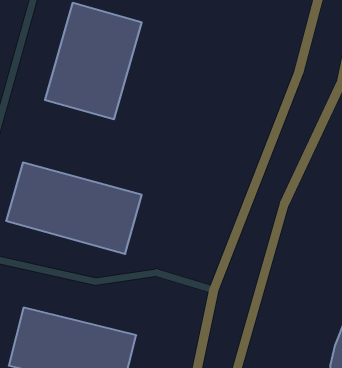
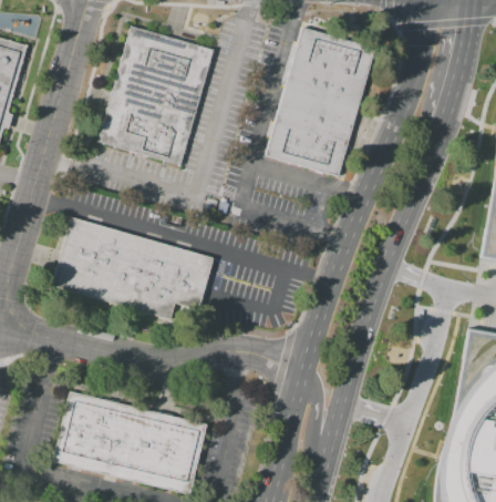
building: none -> [267,27,375,176]

